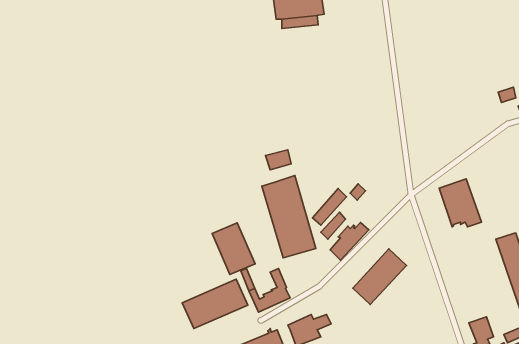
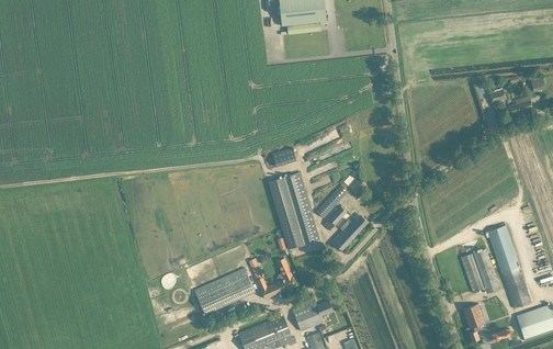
building: [439,179,482,227] -> [460,248,499,293]
building: [212,223,255,275] -> none
building: [353,249,406,305] -> none

